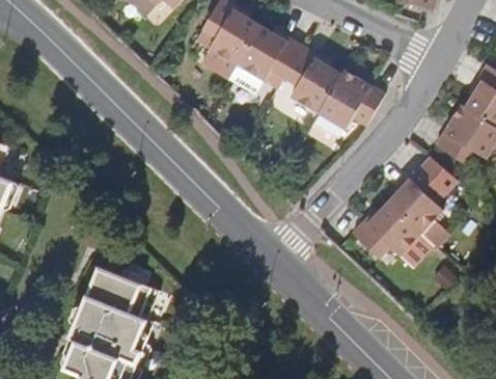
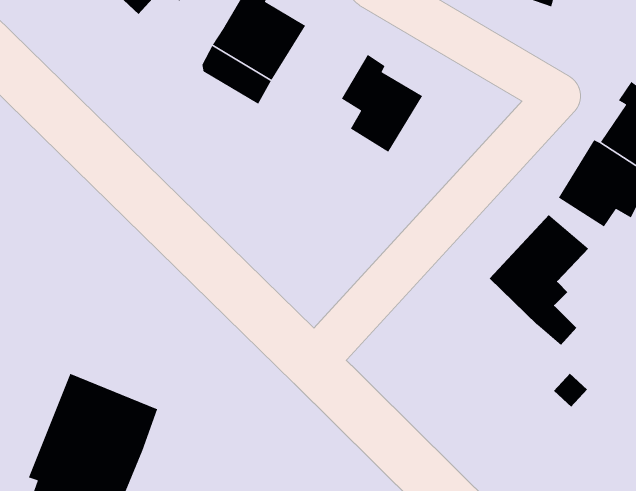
building: [237,25,303,88] -> none
building: [318,70,385,130] -> none
building: [352,200,420,258] -> none

